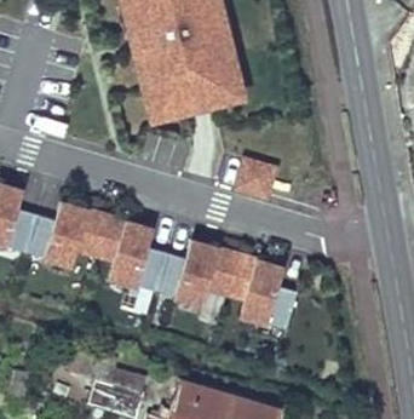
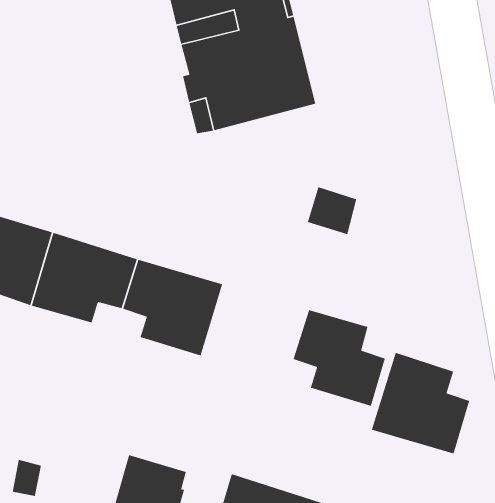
building: [156,235,238,304] -> none
building: none -> [371,352,470,454]

